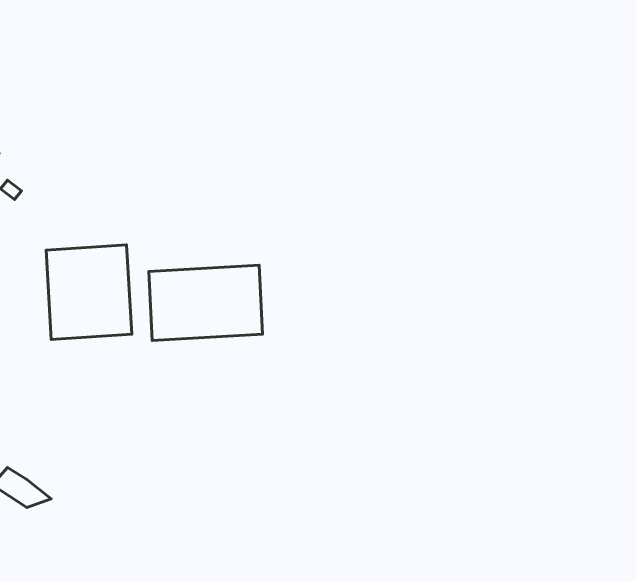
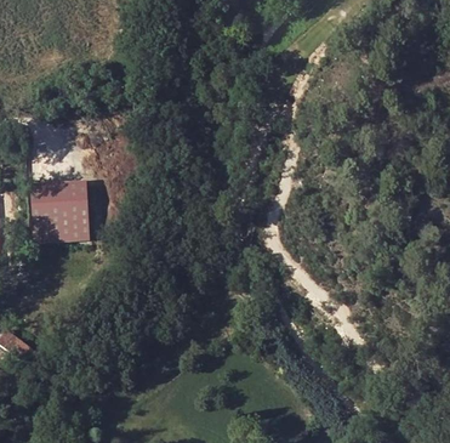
building: [149,265,262,341] -> none

